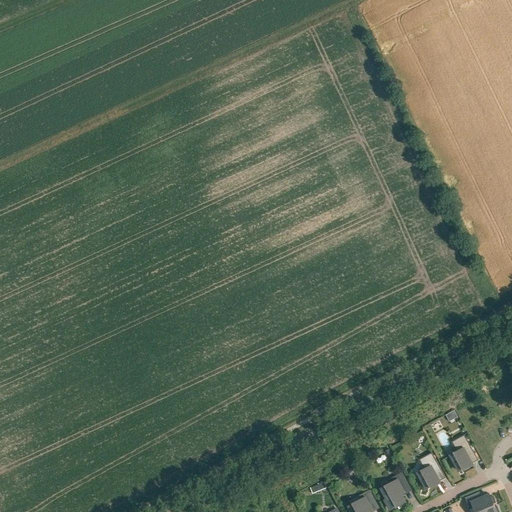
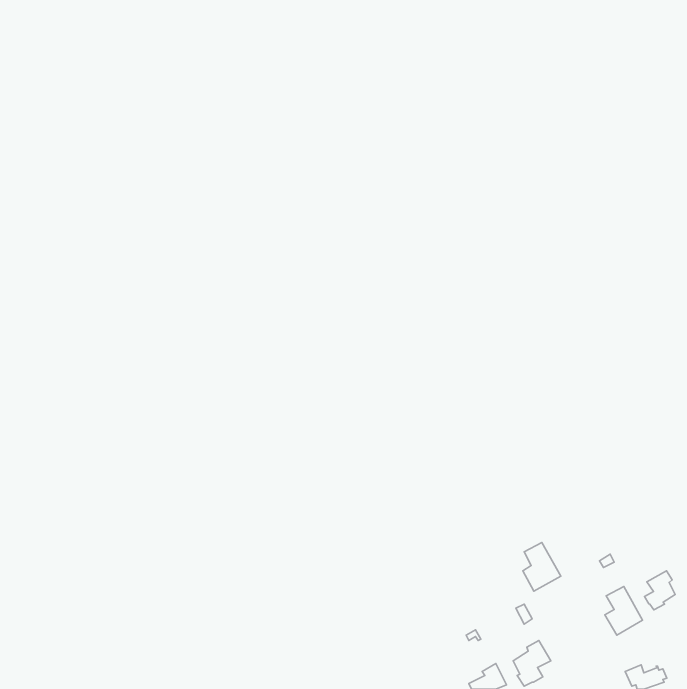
building: none -> [645,571,675,610]
building: [417,453,445,489] -> [523,543,561,591]

